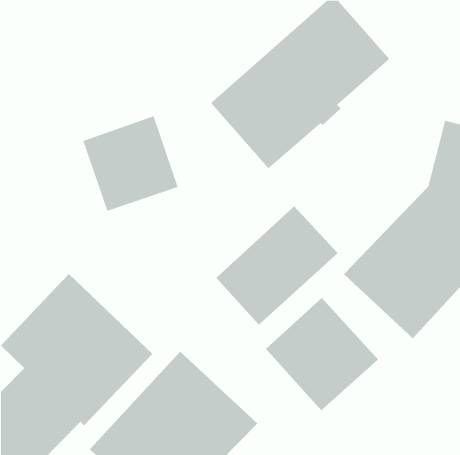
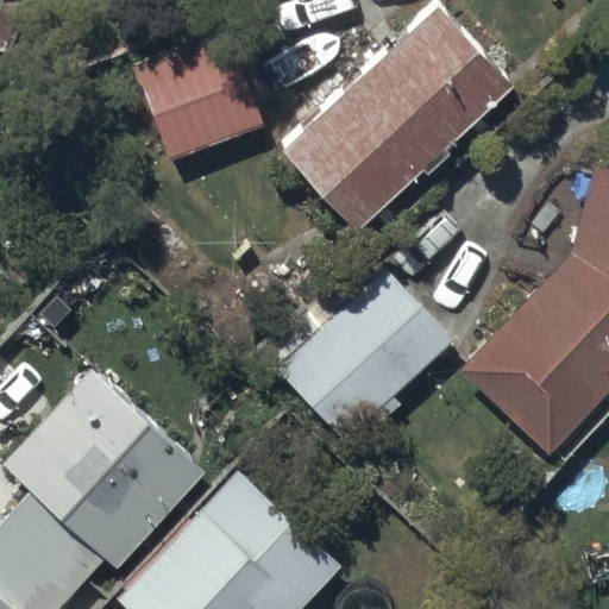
building: [83,116,179,212] -> [133,33,259,159]
building: [265,297,379,411] -> none

